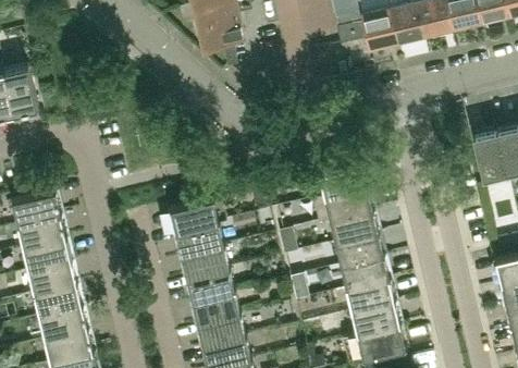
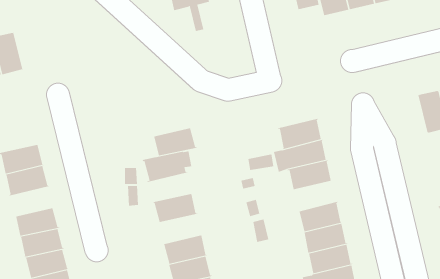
building: [174,223,225,256] -> [151,127,198,157]
building: [334,232,385,267] -> none
building: [22,238,73,272] -> none
building: [186,269,236,303] -> none

